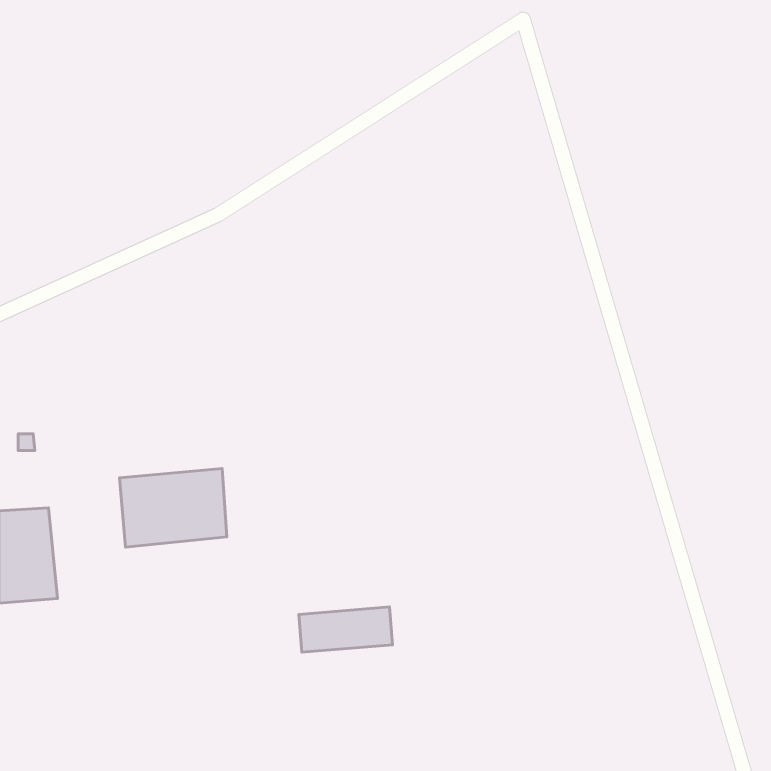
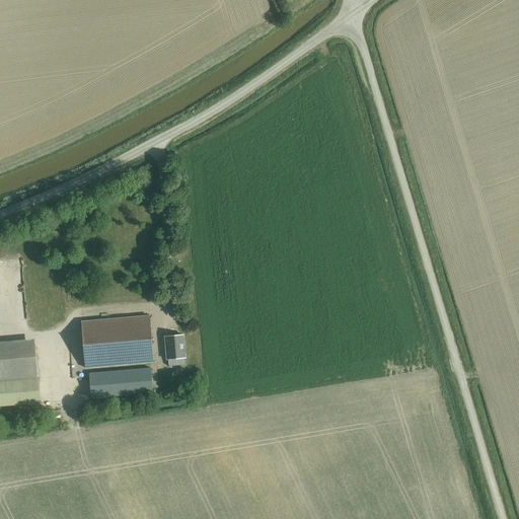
building: none -> [163,333,184,358]
building: [299,607,392,652] -> [88,367,151,397]

